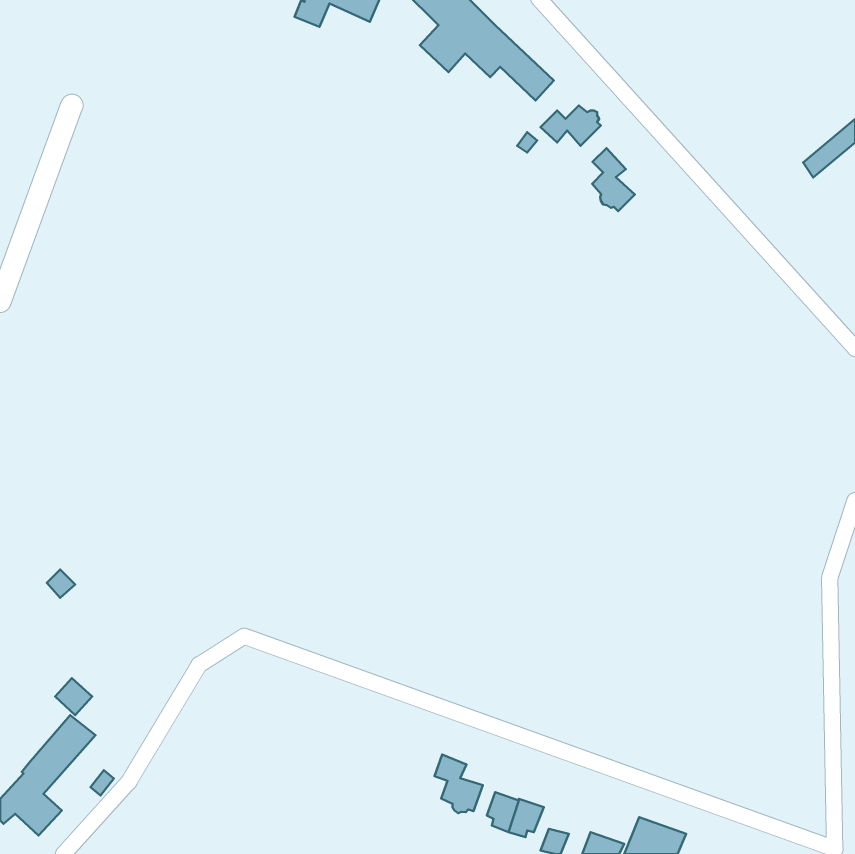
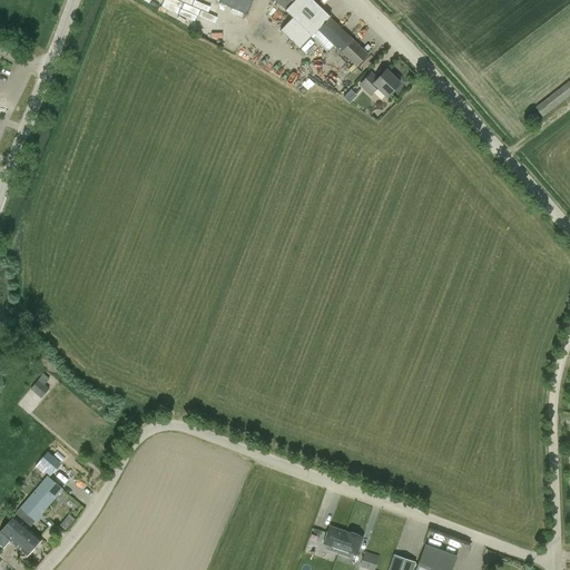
building: [592,148,635,211] -> none
building: [434,754,483,813] -> none

